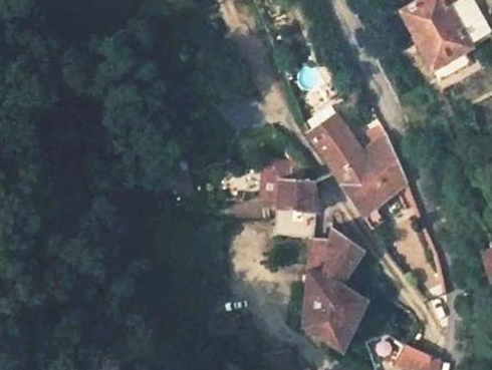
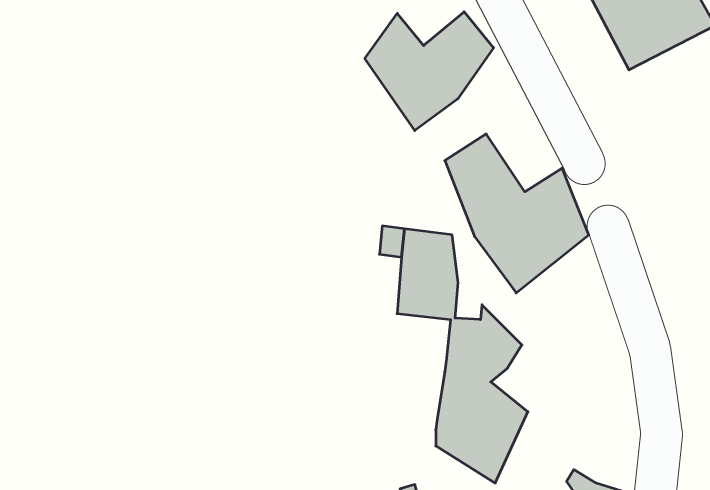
building: none -> [365,12,494,131]

